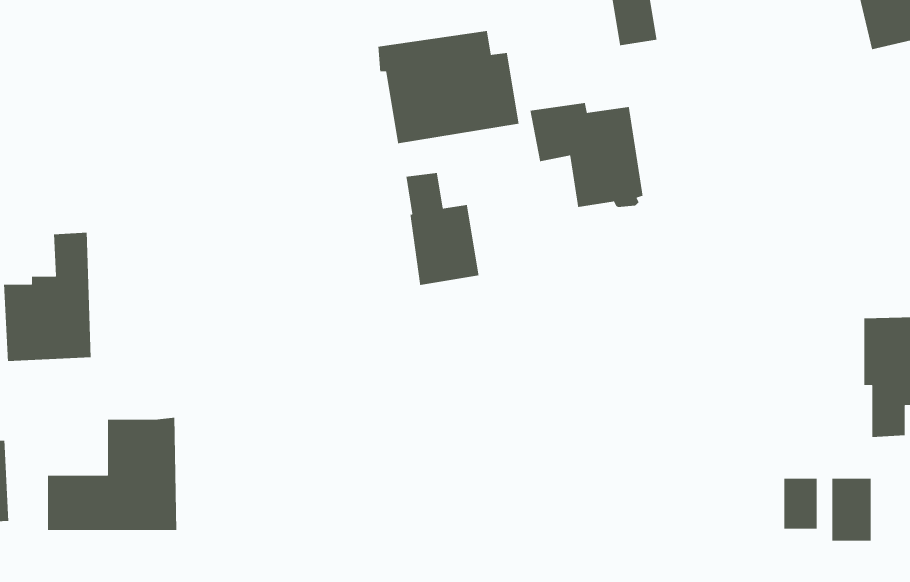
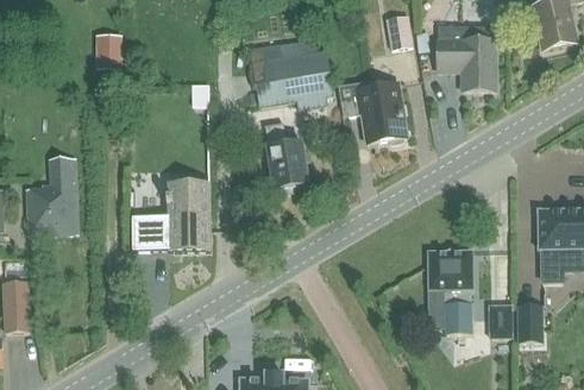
building: none -> [438,24,496,89]
building: none -> [98,33,125,67]
building: none -> [429,249,472,332]
building: [47,417,177,531] -> [133,181,211,249]

